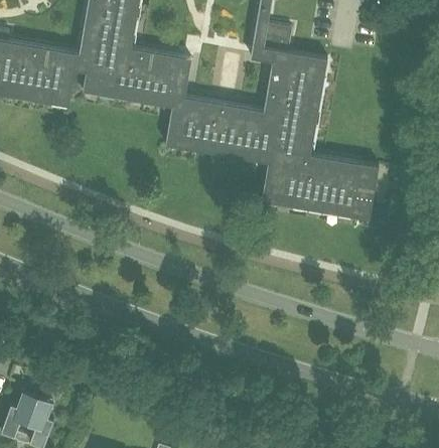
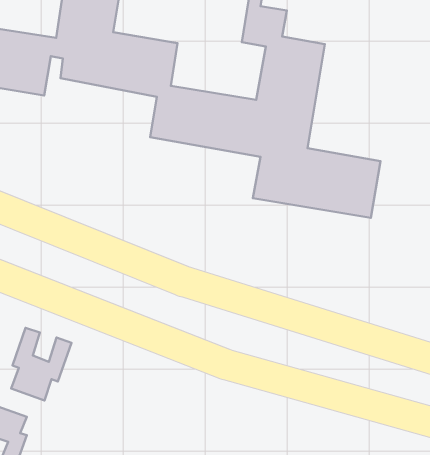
building: none -> [11,328,72,400]

